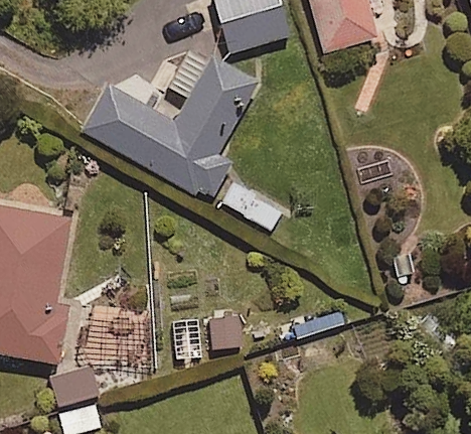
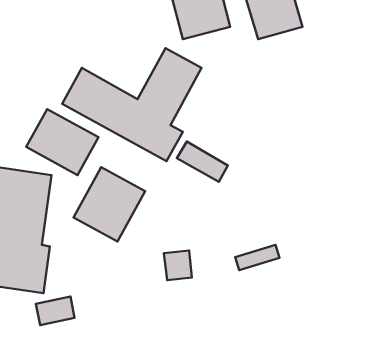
building: none -> [26,109,98,175]
building: none -> [74,167,145,242]

